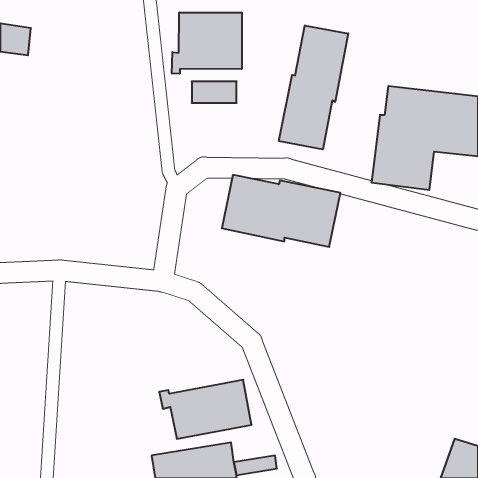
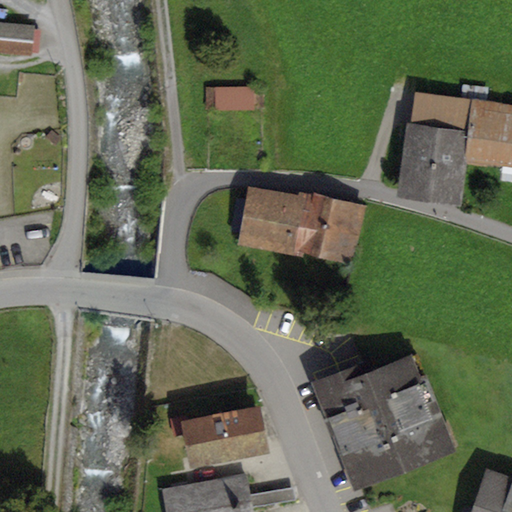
building: [172,12,242,74] -> none
building: [279,25,348,149] -> none
building: none -> [311,354,457,491]

